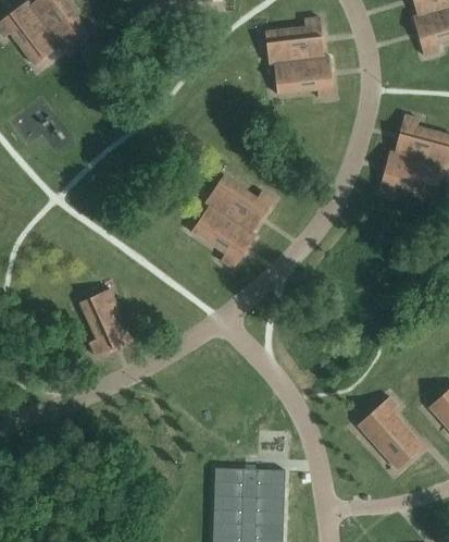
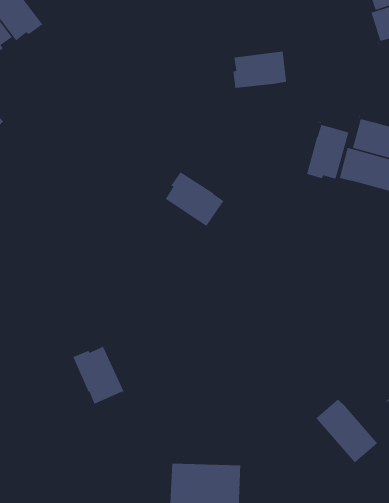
building: [264,17,327,63] -> none
building: none -> [306,120,351,184]
building: [190,201,254,268] -> none
building: [78,288,132,356] -> [71,342,125,410]

